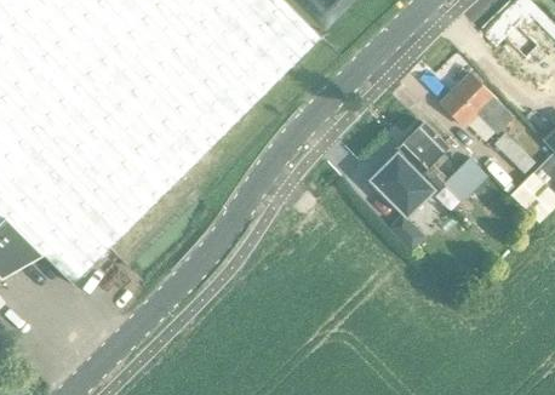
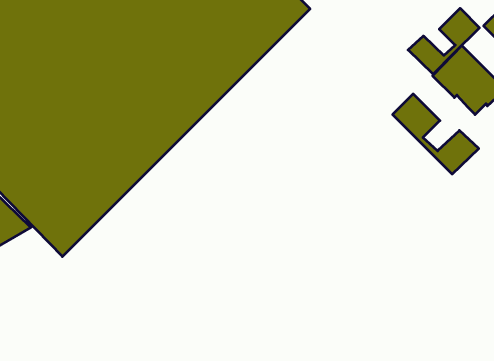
building: none -> [408,8,479,74]
building: [370,142,435,216] -> none

